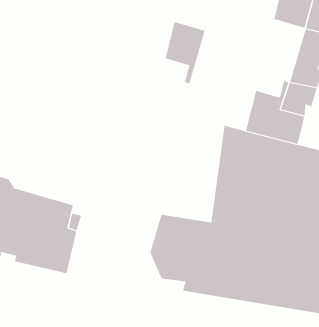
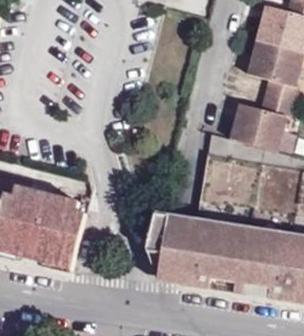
building: [165,21,206,84] -> [247,39,283,95]

